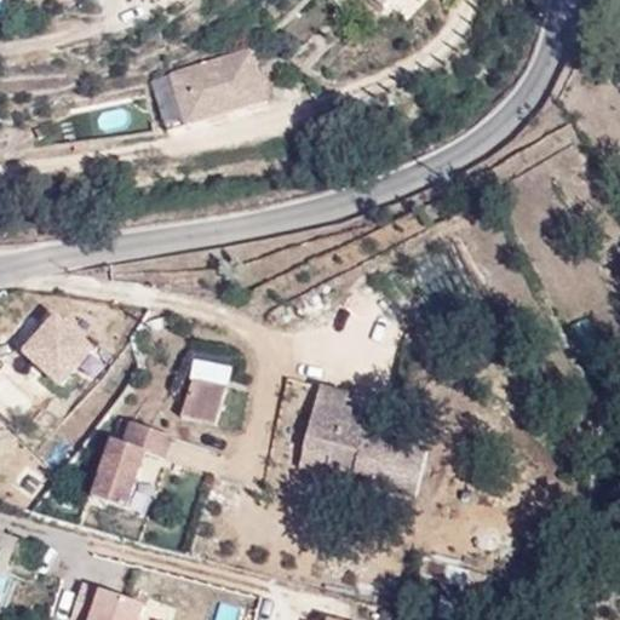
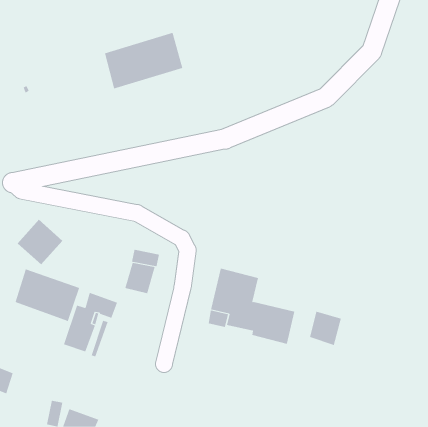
building: none -> [15,268,80,322]
building: none -> [310,311,341,346]

